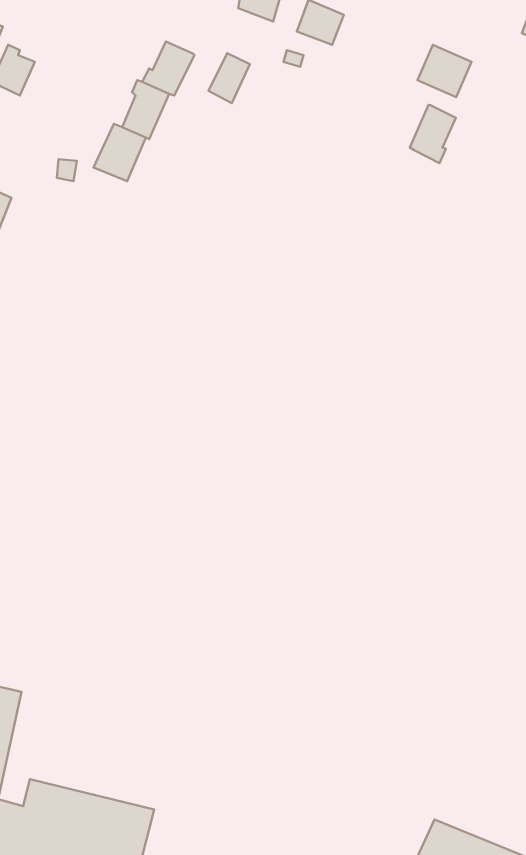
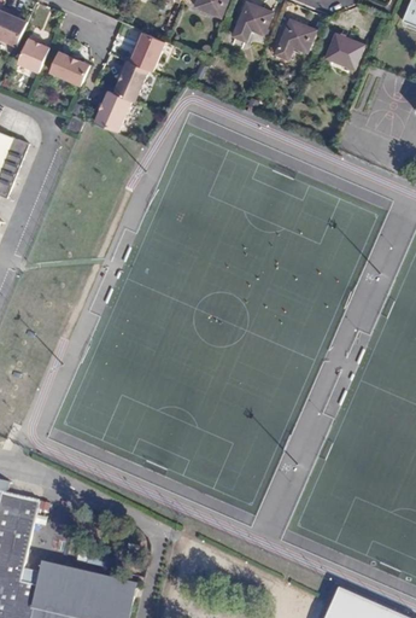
building: none -> [279,19,314,52]
building: [208,53,250,103] -> none
building: none -> [49,51,89,84]
building: [410,105,456,163] -> none

